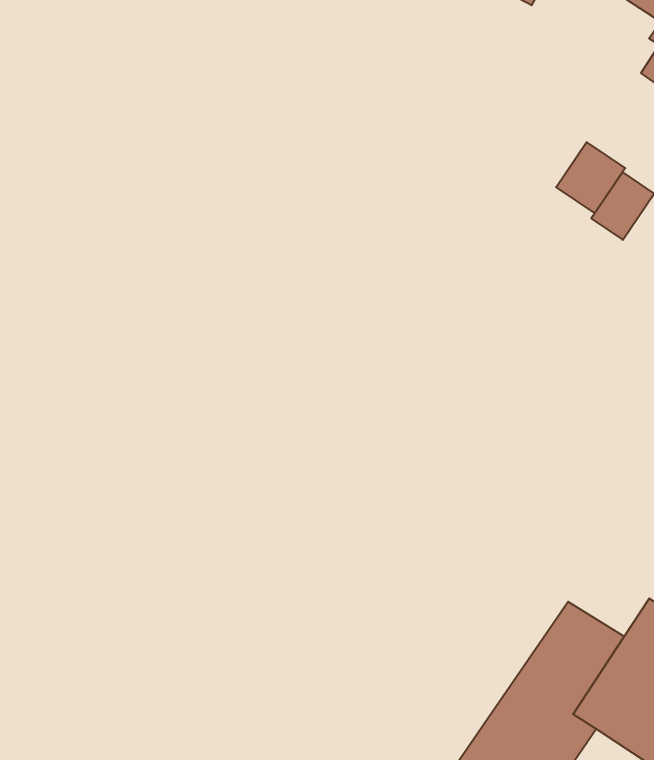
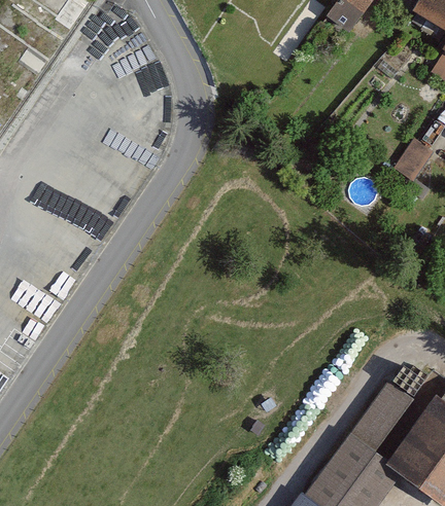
building: [556,142,625,213] -> none

